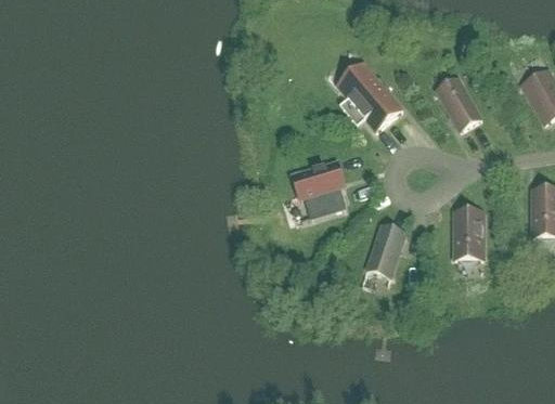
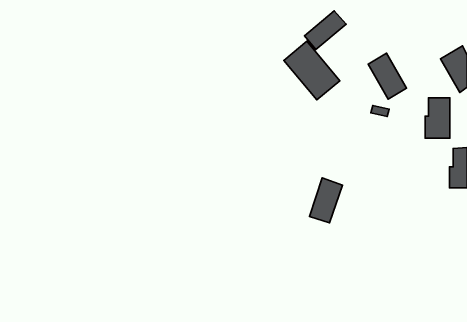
building: none -> [305,11,346,50]
building: [292,159,346,220] -> none
building: [454,209,483,257] -> [425,98,450,138]

